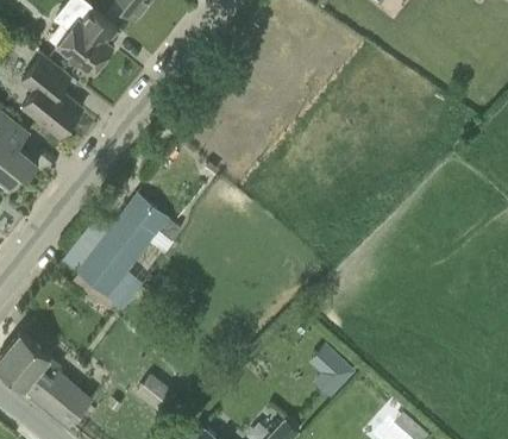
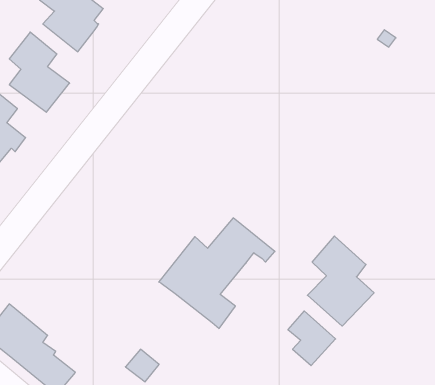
building: [62,196,181,309] -> [159,218,275,328]
building: none -> [307,236,374,326]

